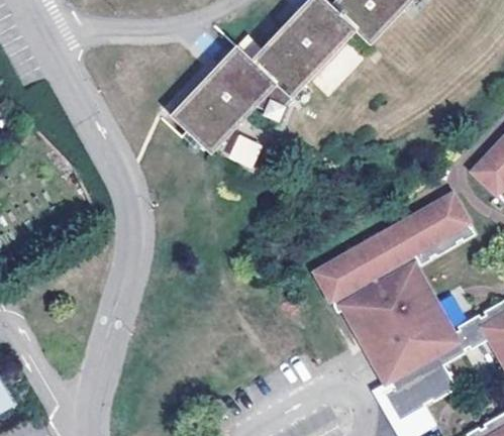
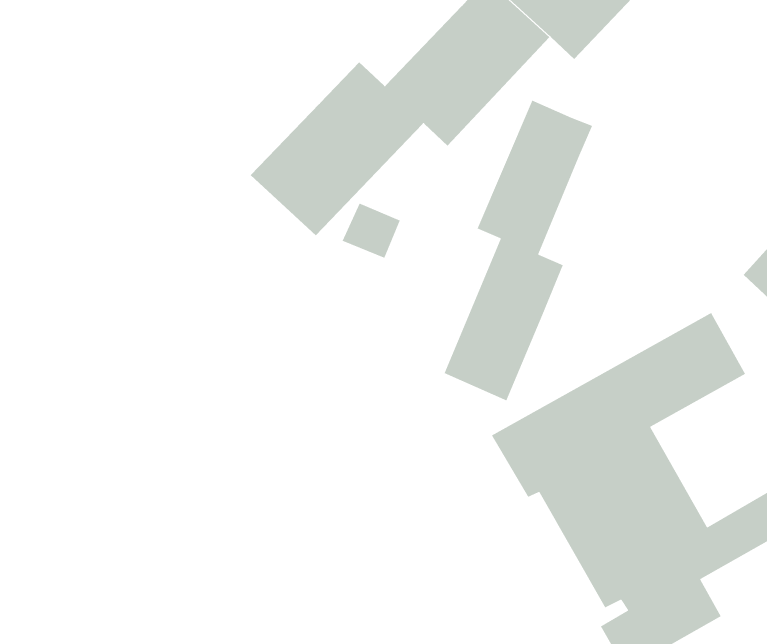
building: none -> [443,99,593,402]

